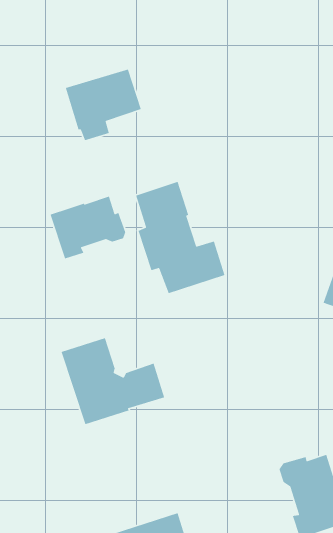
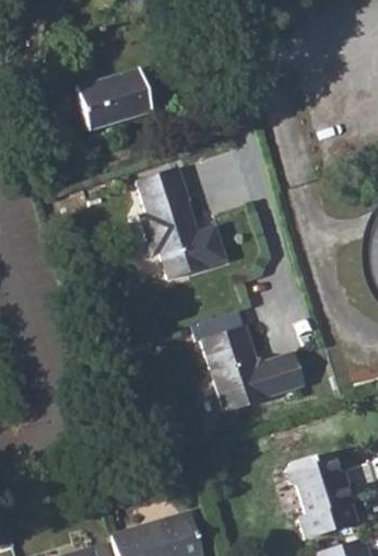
building: [50,195,126,260] -> none
building: [60,337,165,425] -> [202,324,306,412]

